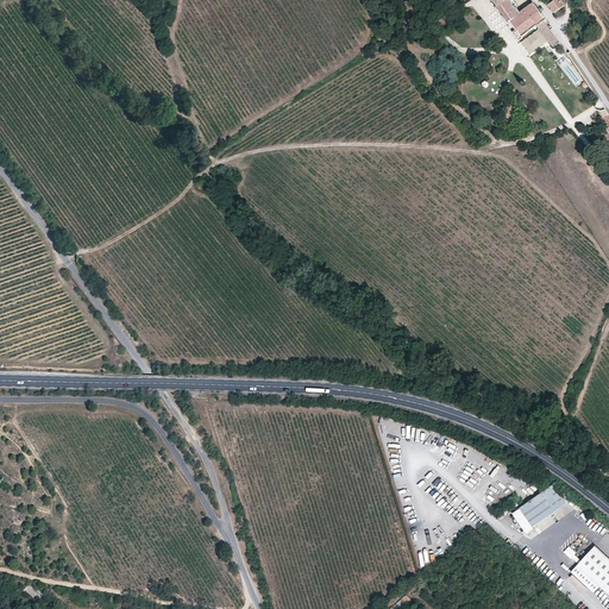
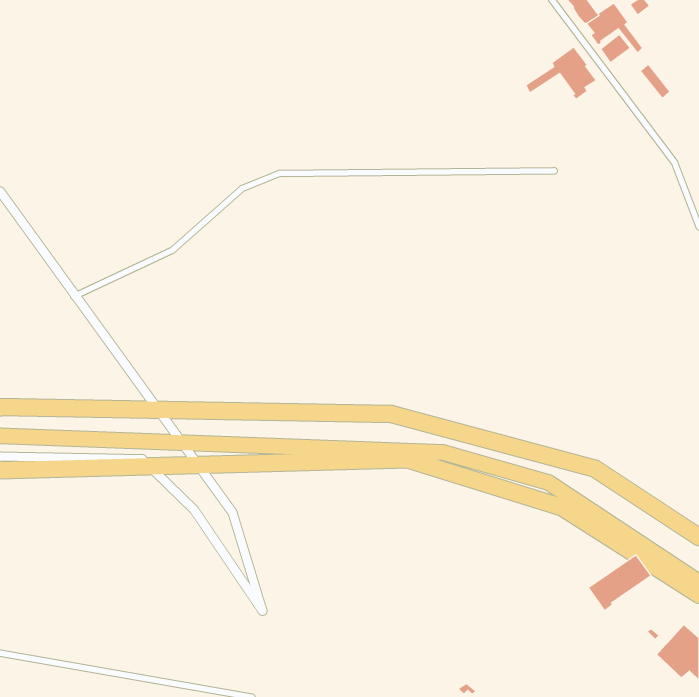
building: none -> [526,47,596,99]

